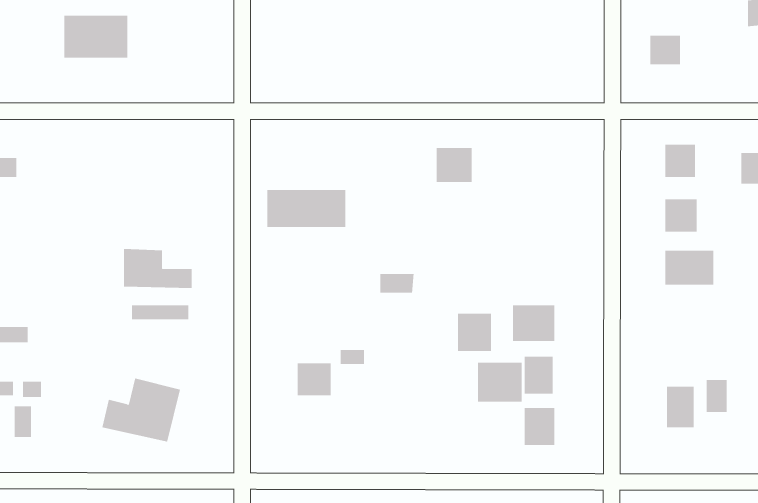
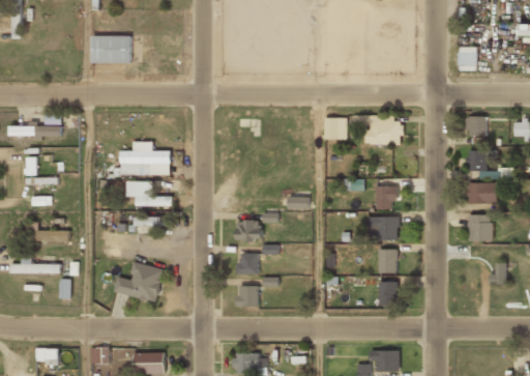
building: none -> [366,116,402,145]
building: [267,189,346,227] -> [120,151,170,175]
building: none -> [236,221,262,240]
building: [457,313,492,351] -> [375,185,396,209]
building: [477,362,522,402] -> none
building: [666,386,694,428] -> [468,214,485,240]
building: none -> [236,286,258,307]

